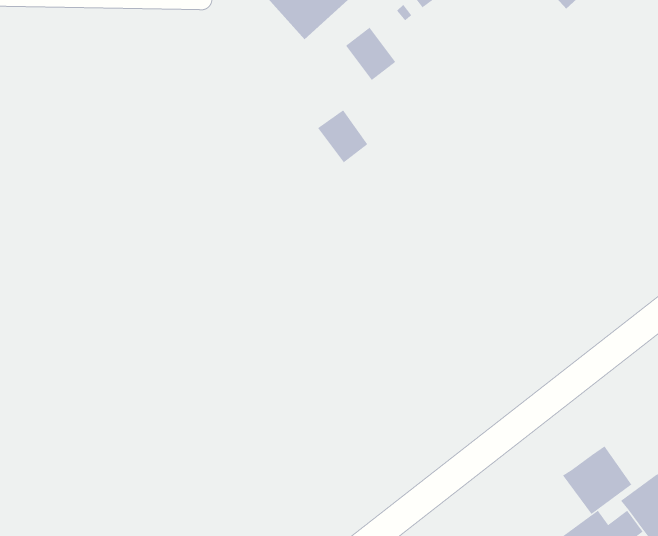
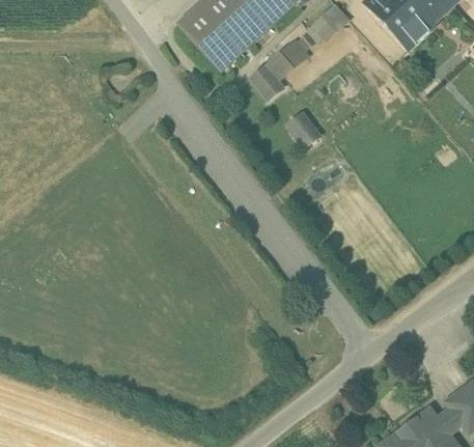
building: [317,109,368,163] -> [286,110,323,148]
building: [562,446,632,515] -> none

